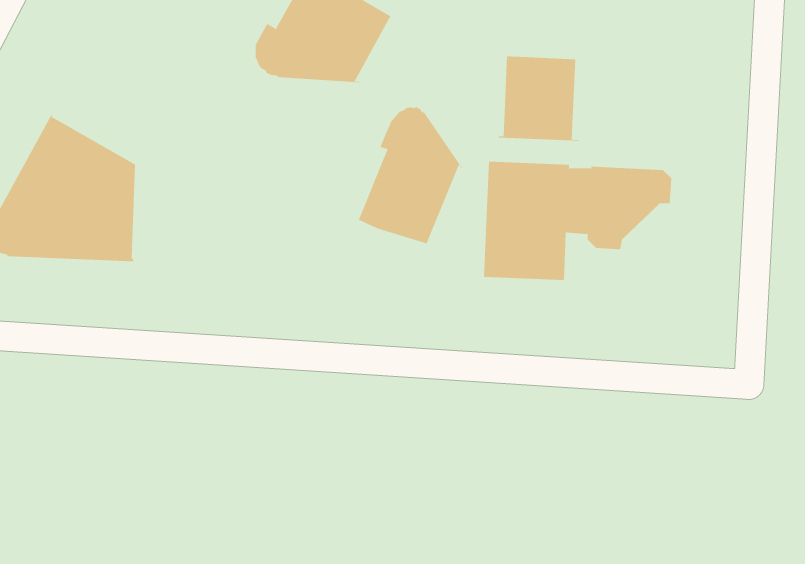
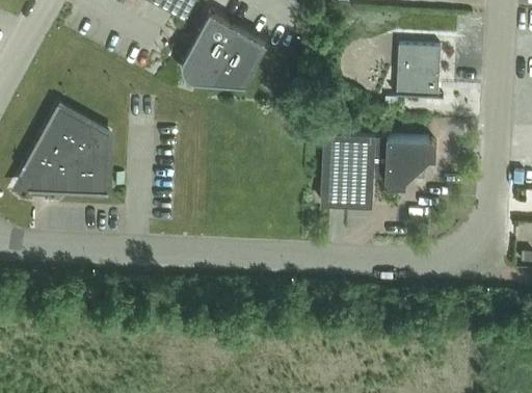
building: [498,56,579,141] -> [393,46,443,98]
building: [358,106,463,244] -> none

